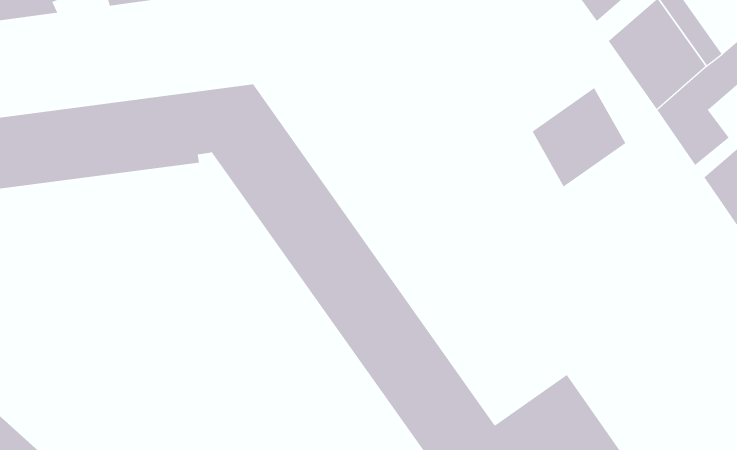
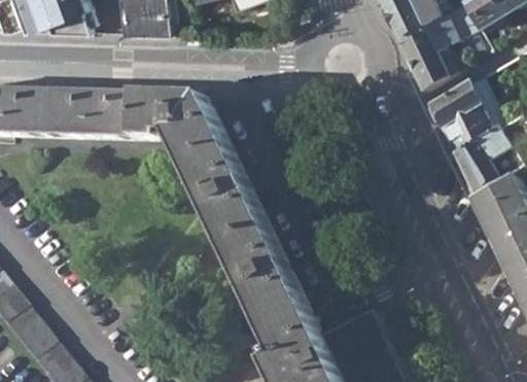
building: [532,87,626,187] -> none

